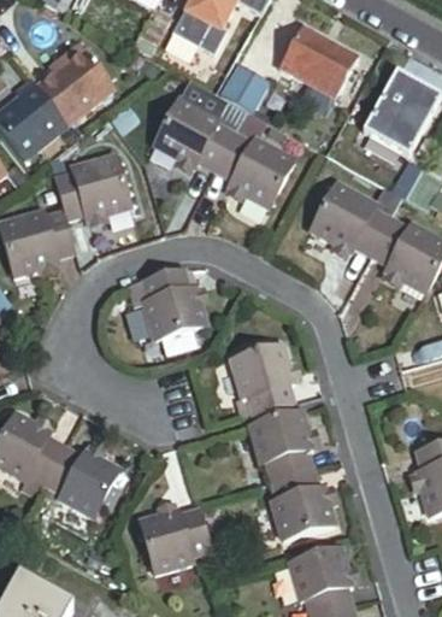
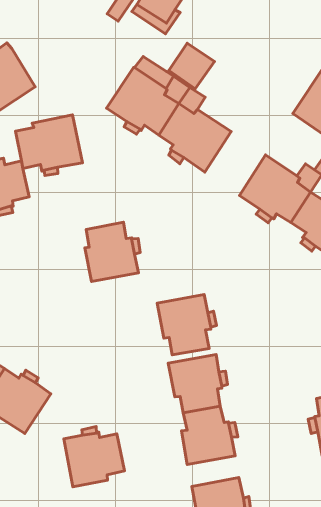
building: [281,28,356,98] -> none
building: [41,43,119,127] -> none

